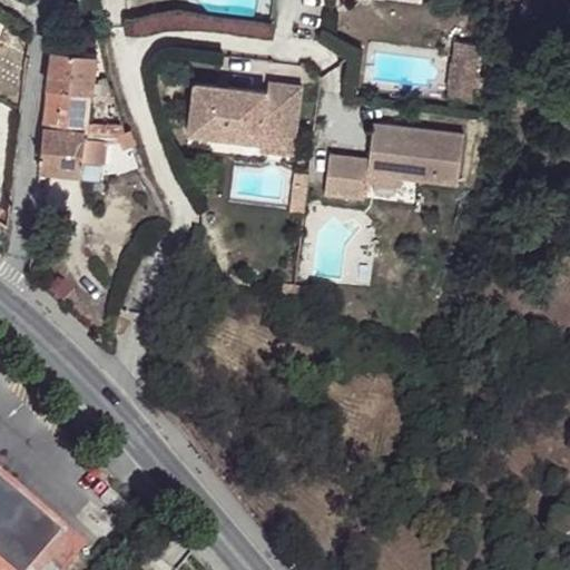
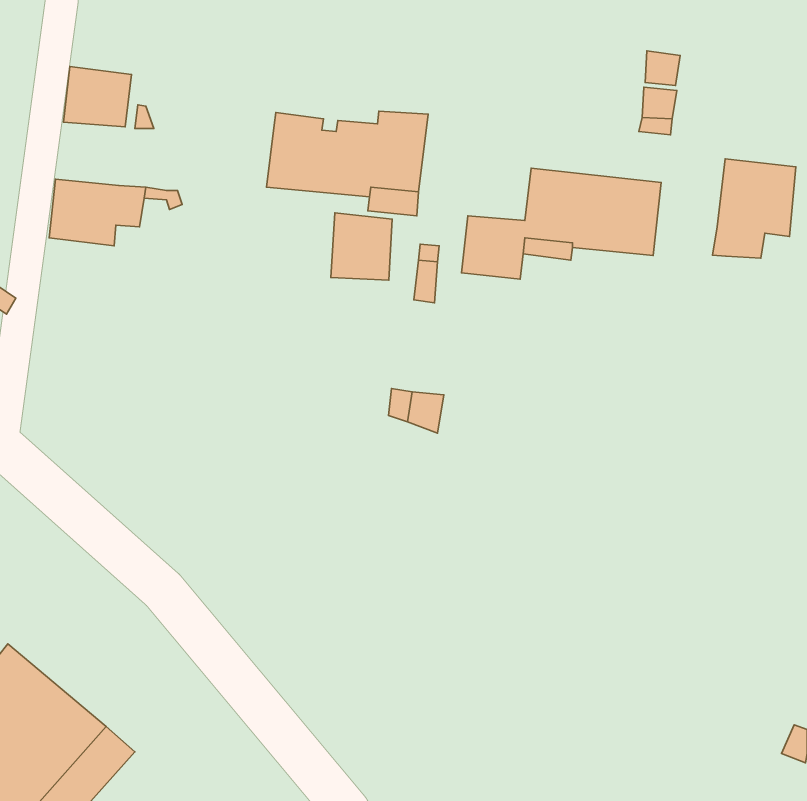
building: [39,92,88,137] -> none
building: none -> [713,159,796,258]
building: none -> [331,213,392,280]

